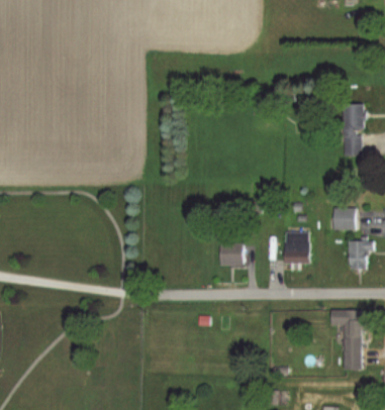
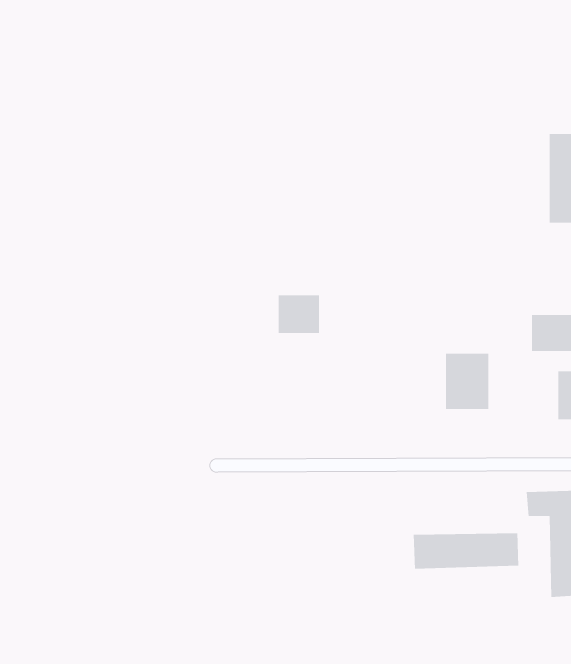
building: [219,242,244,265] -> [278,295,320,333]
building: none -> [413,533,519,570]

